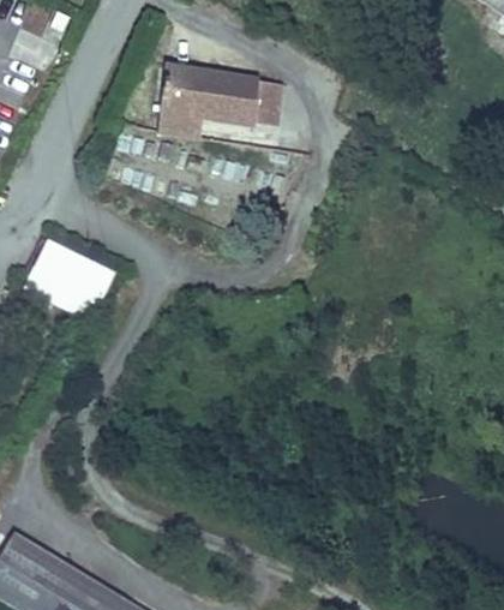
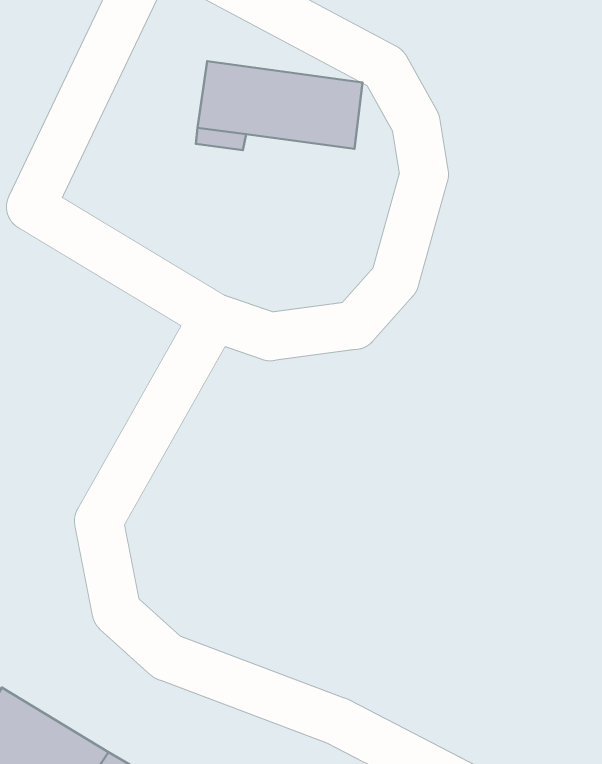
building: [25,237,116,322] -> none

